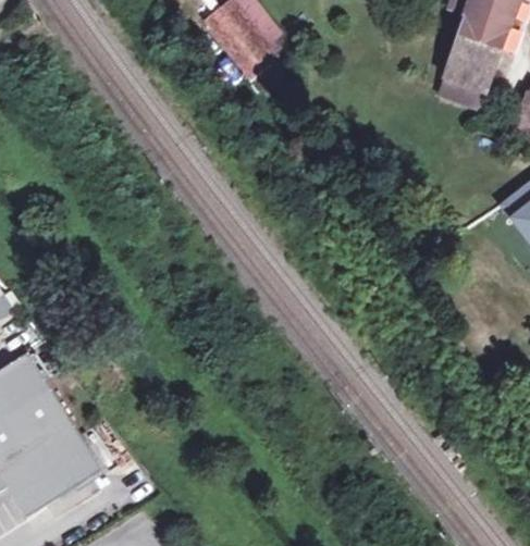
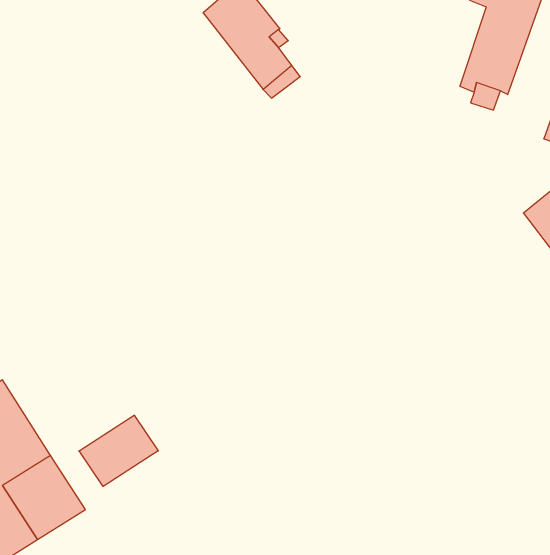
building: none -> [79,415,158,486]

